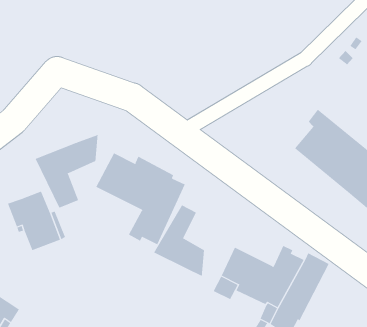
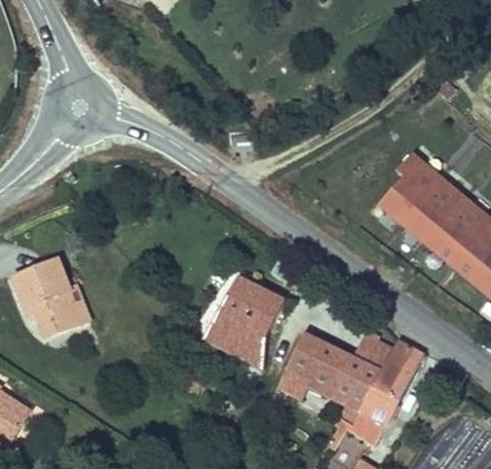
building: [35,134,98,209] -> none
building: [95,153,185,245] -> none
building: none -> [239,286,285,335]

